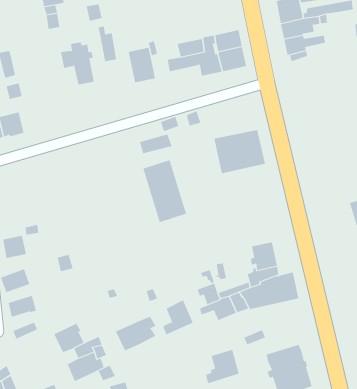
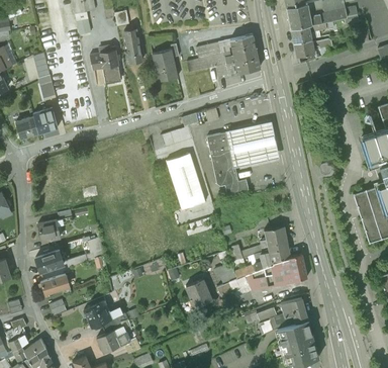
building: none -> [206,131,248,193]
building: [115,316,156,351] -> none
building: [205,349,240,384] -> [276,297,307,329]

